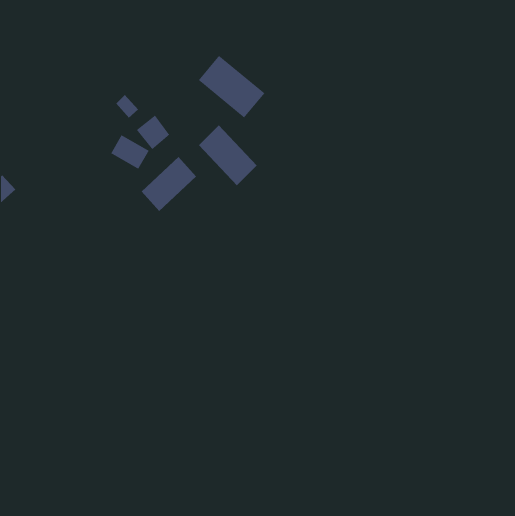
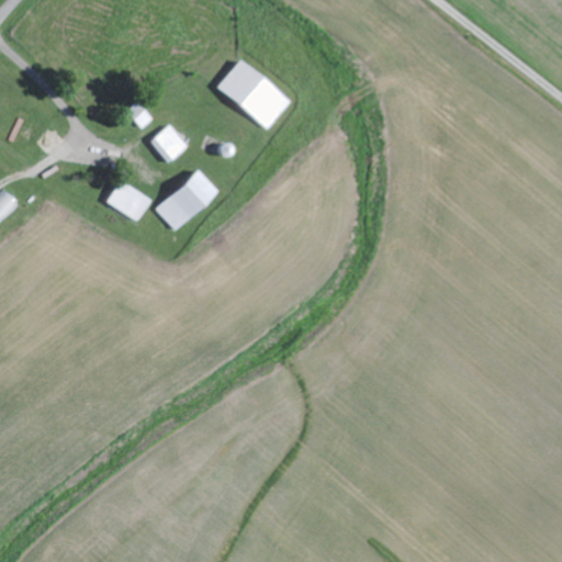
building: [198,124,258,186] -> none
building: [110,134,150,170] -> [106,181,149,220]

